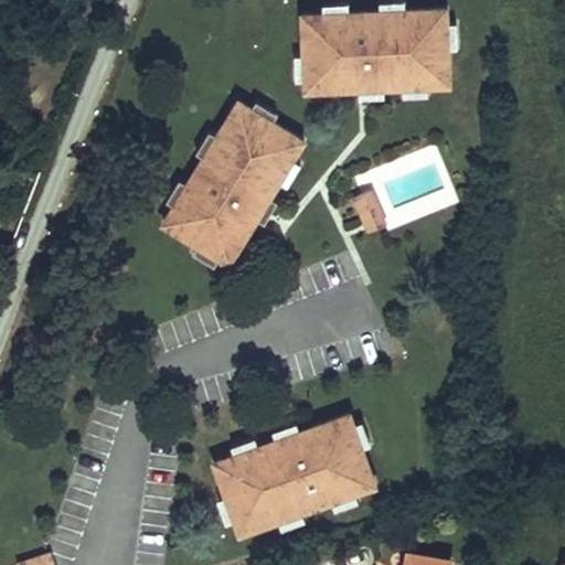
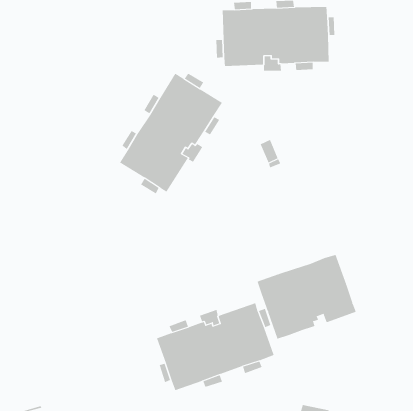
building: none -> [257,254,356,340]

